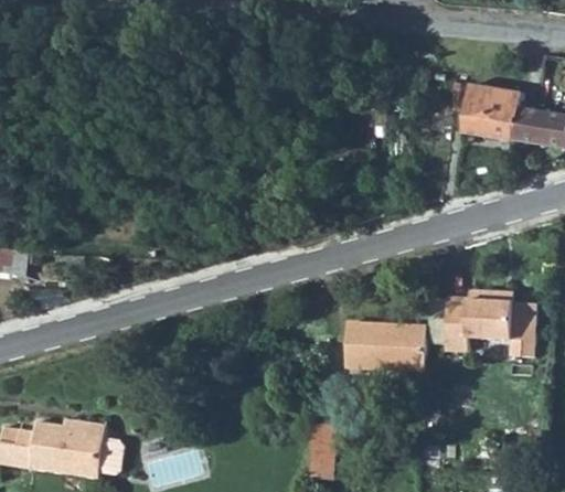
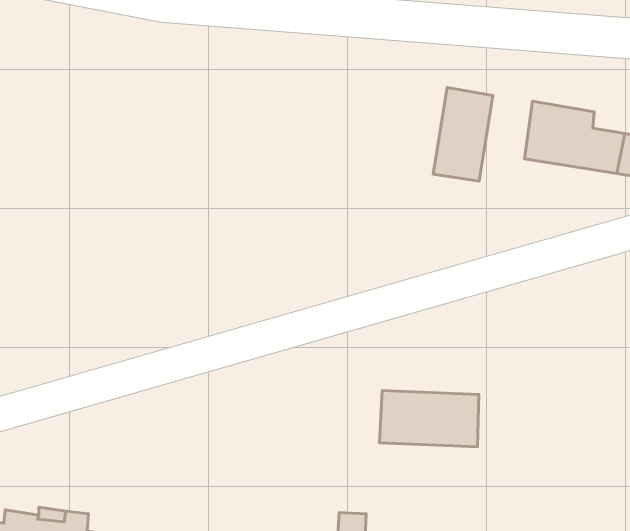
building: none -> [433,88,493,181]
building: [445,291,536,357] -> none

